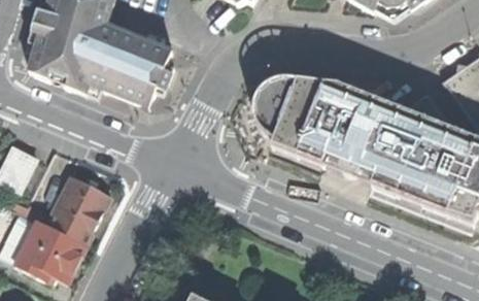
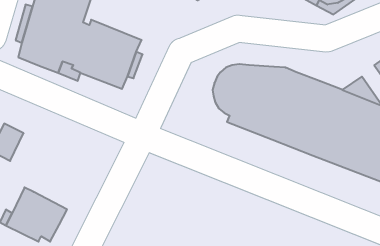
building: [45,175,109,245] -> none

